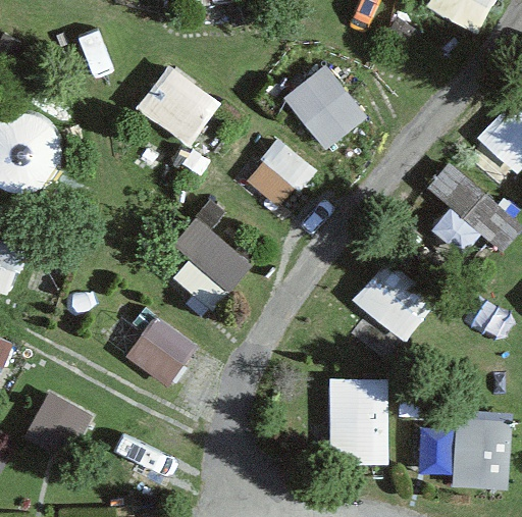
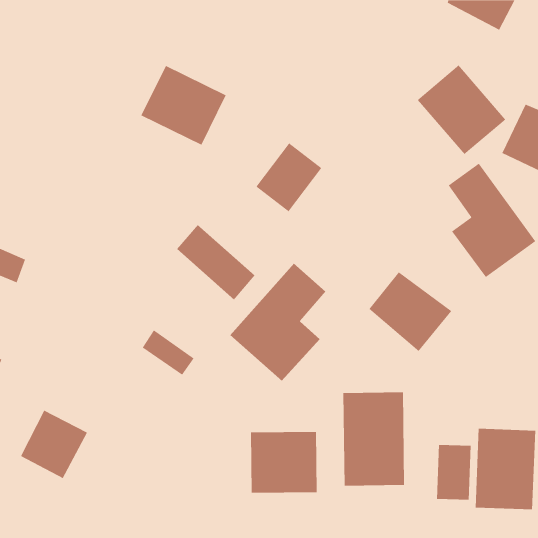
building: [281,63,366,149] -> [417,65,506,155]
building: none -> [230,263,326,381]
building: none -> [251,431,317,494]

